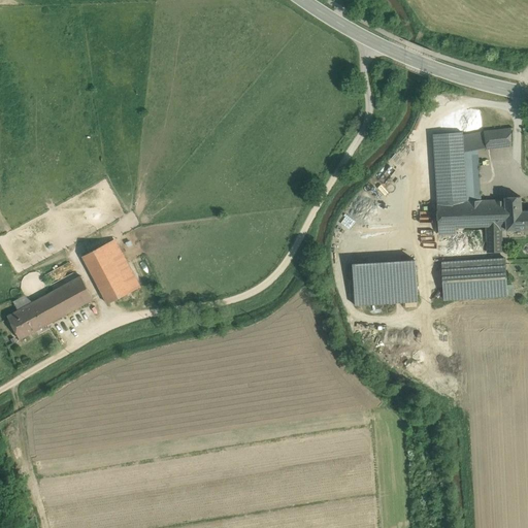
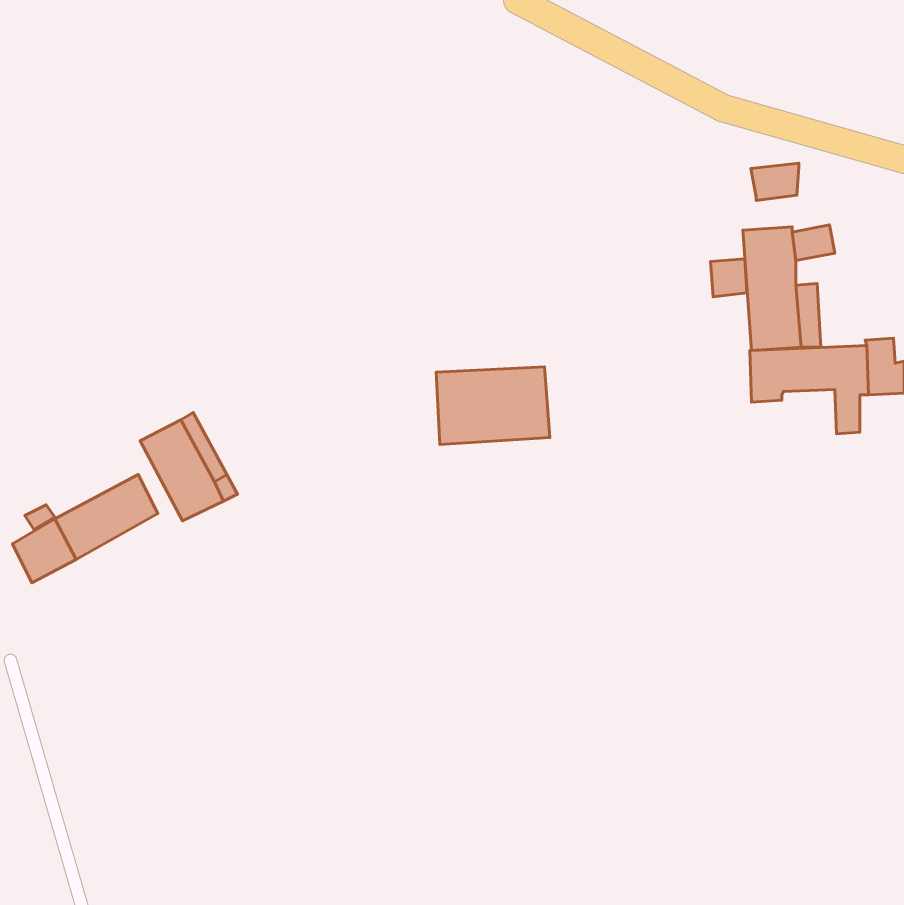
building: [483,128,510,150] -> [751,163,799,200]
building: none -> [710,259,747,297]
building: [441,258,506,300] -> none
building: [352,260,418,305] -> [436,367,550,445]

